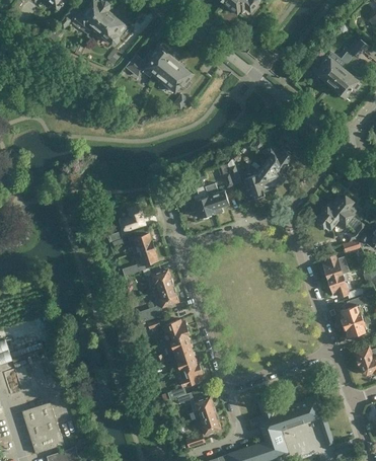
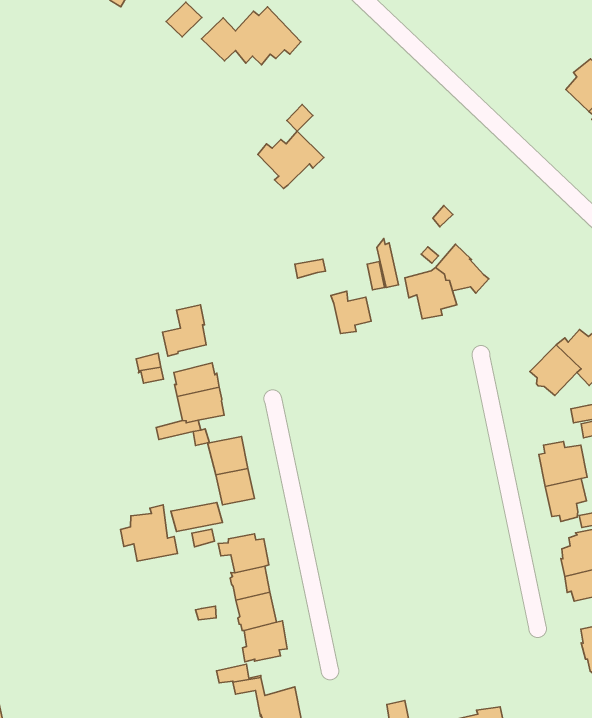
building: [157,63,192,93] -> [258,131,324,189]
building: [264,143,292,173] -> none
building: [190,187,213,218] -> none
building: none -> [121,505,177,561]

